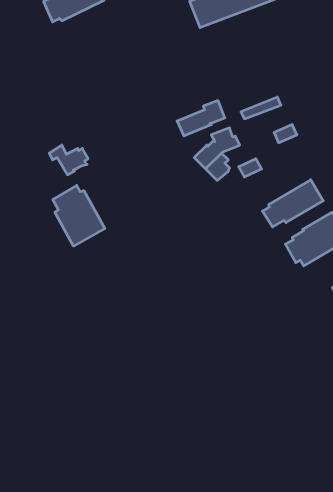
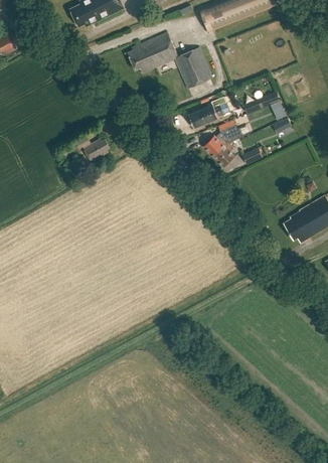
building: none -> [127,32,211,89]
building: [262,180,323,227] -> none
building: [53,185,105,246] -> none

